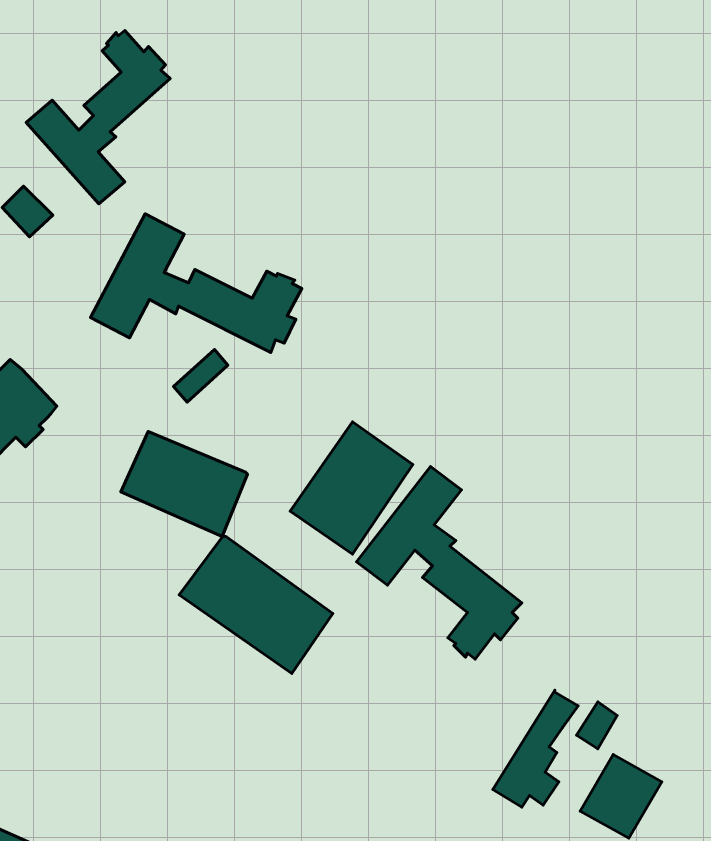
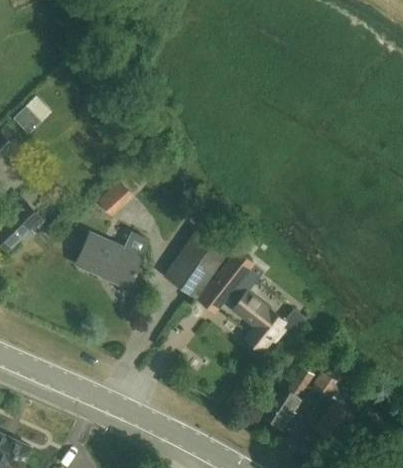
building: [26,30,170,204] -> none
building: [91,214,302,352] -> none
building: [179,536,333,673] -> none

